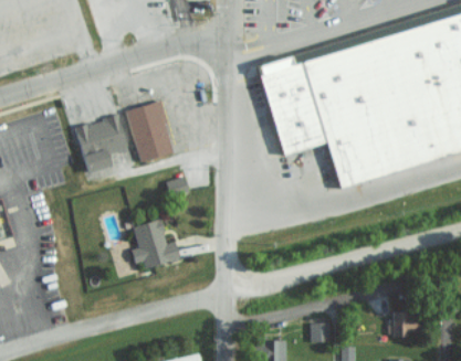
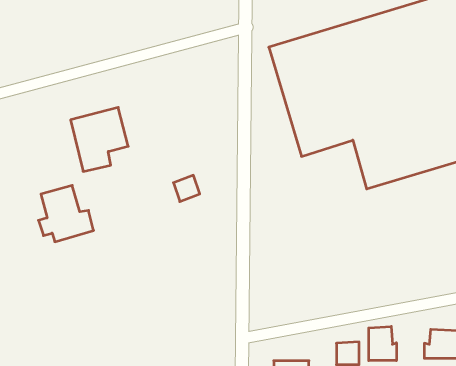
building: [127,102,176,163] -> none
building: [132,221,180,270] -> [38,185,94,242]
building: none -> [369,326,396,361]

